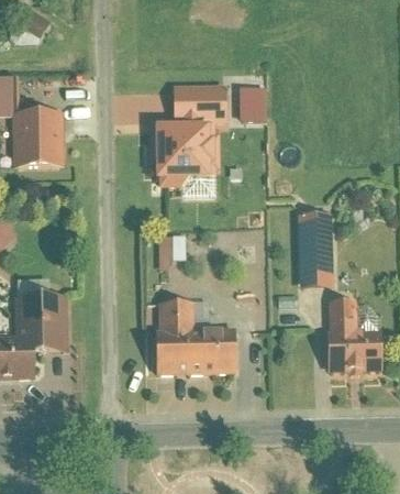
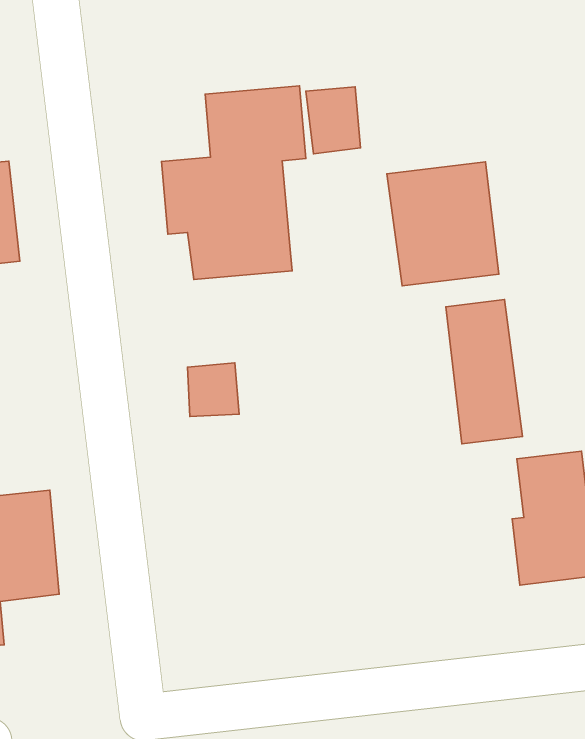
building: none -> [387,162,499,286]
building: [157,300,237,374] -> none

